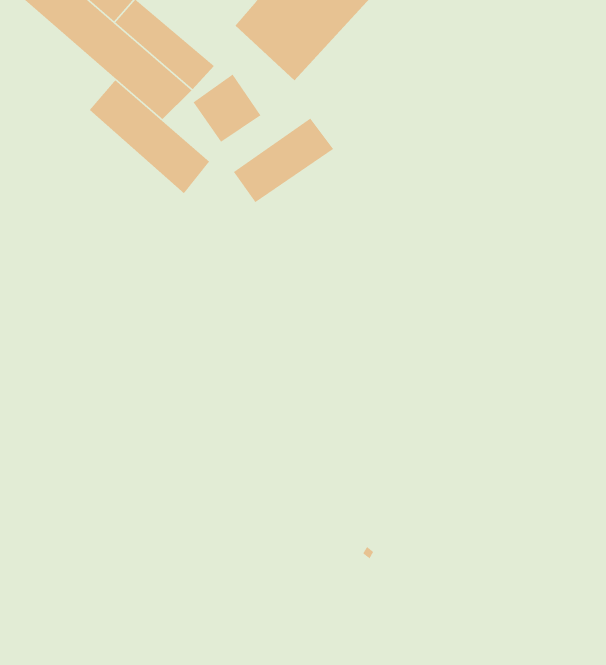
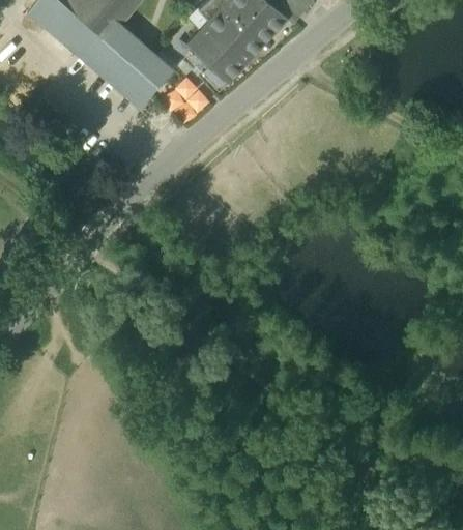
building: [89,79,210,194] -> none
building: [233,117,334,203] -> none

